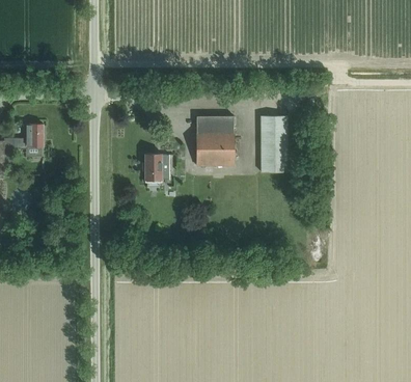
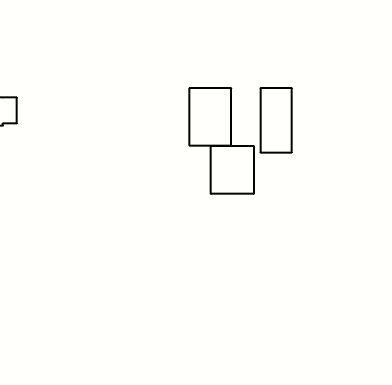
building: [142,155,169,184] -> none
building: none -> [211,146,254,194]

